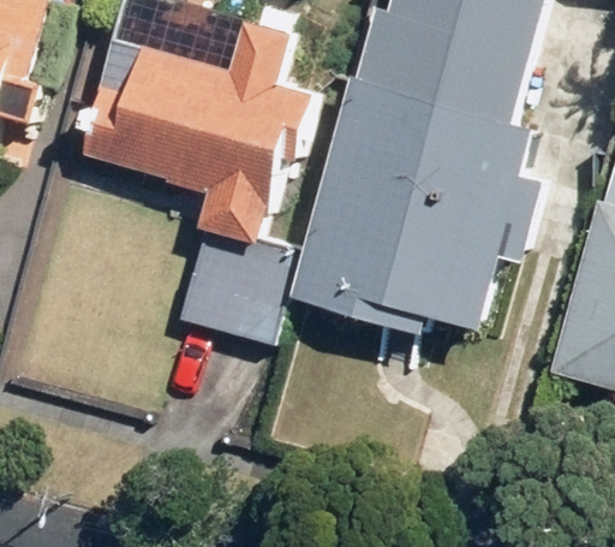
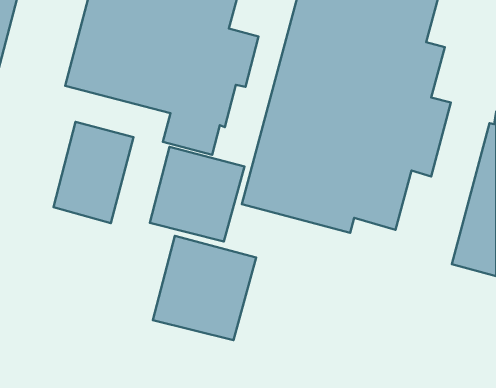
building: none -> [54,122,133,223]
building: none -> [153,236,256,340]

